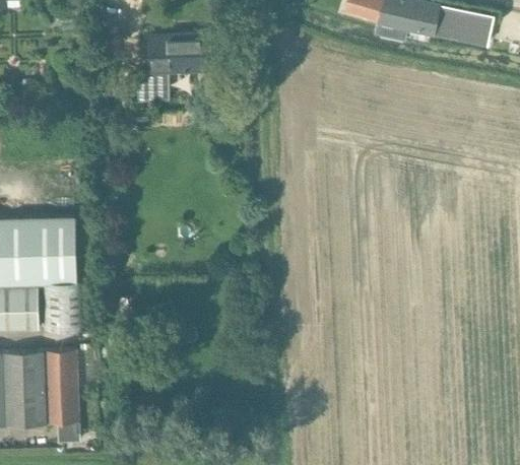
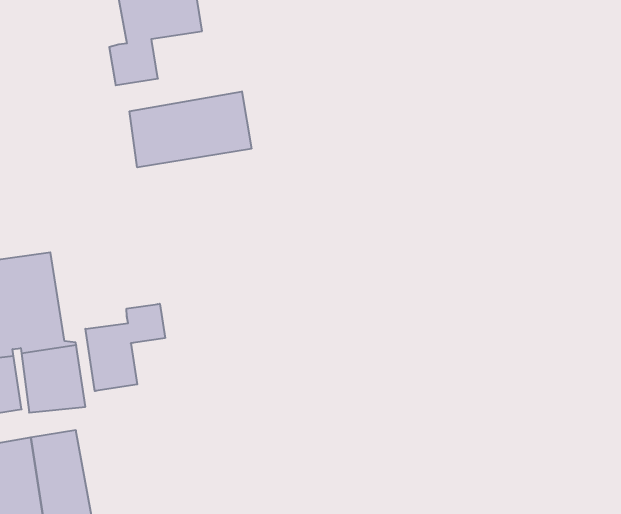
building: none -> [130,91,251,167]
building: none -> [85,304,165,391]

